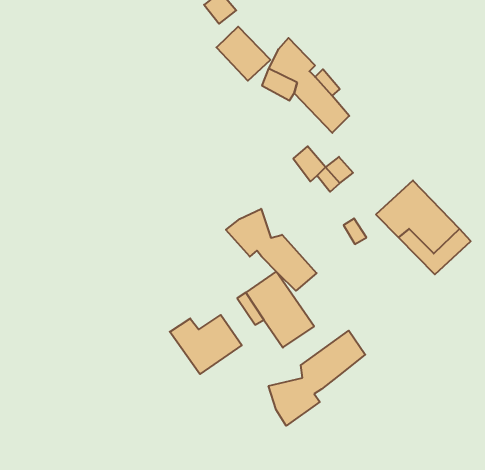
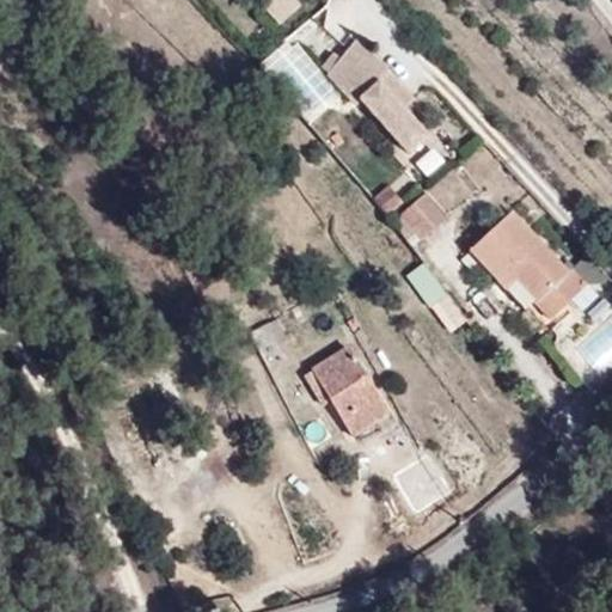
building: [226,209,317,291] -> none
building: [170,315,242,374] -> none
building: [269,331,365,426] -> none

